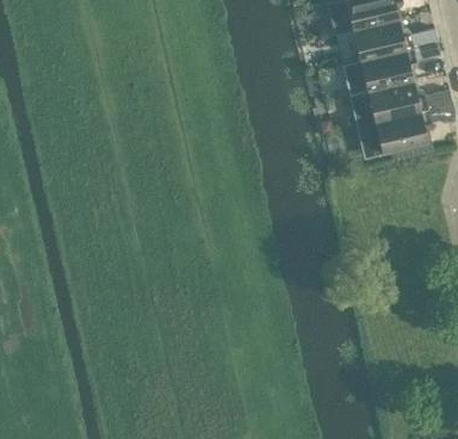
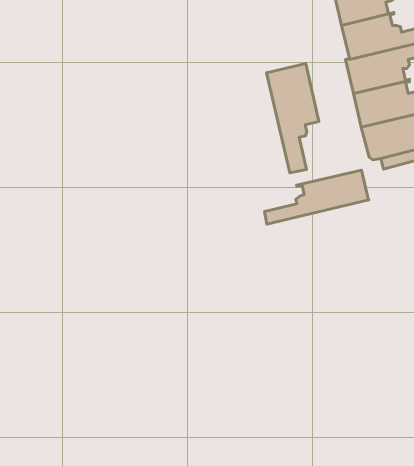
building: none -> [267,63,319,173]
building: none -> [264,170,369,224]

